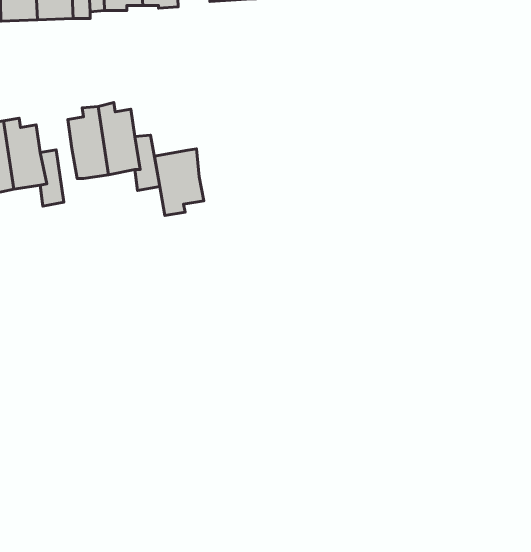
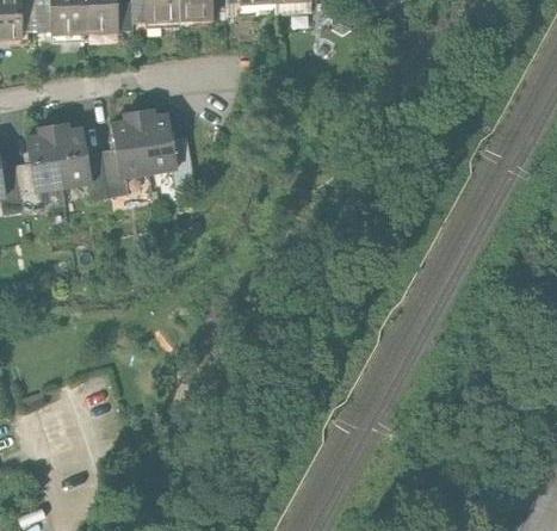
building: none -> [101,148,130,197]
building: [154,149,204,216] -> none

